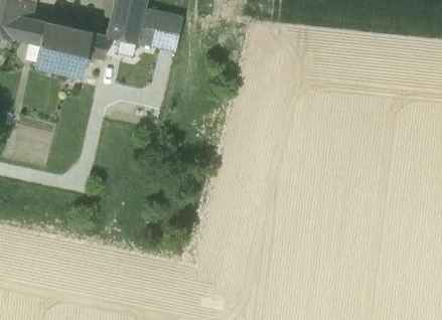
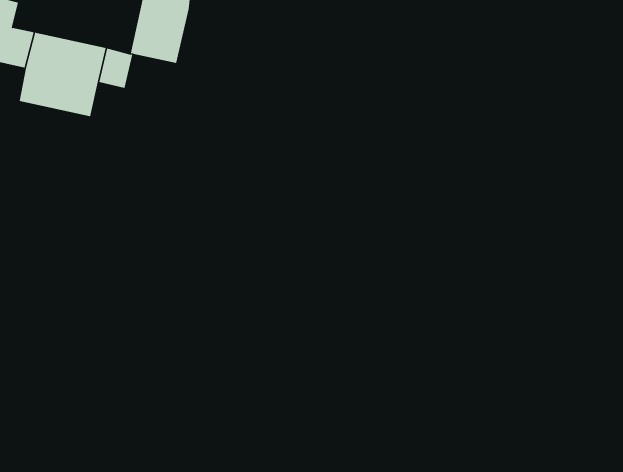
building: [137,7,183,51] -> none

